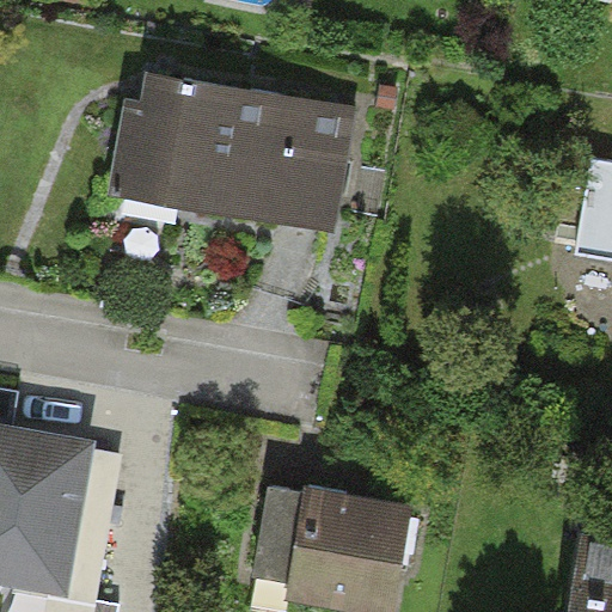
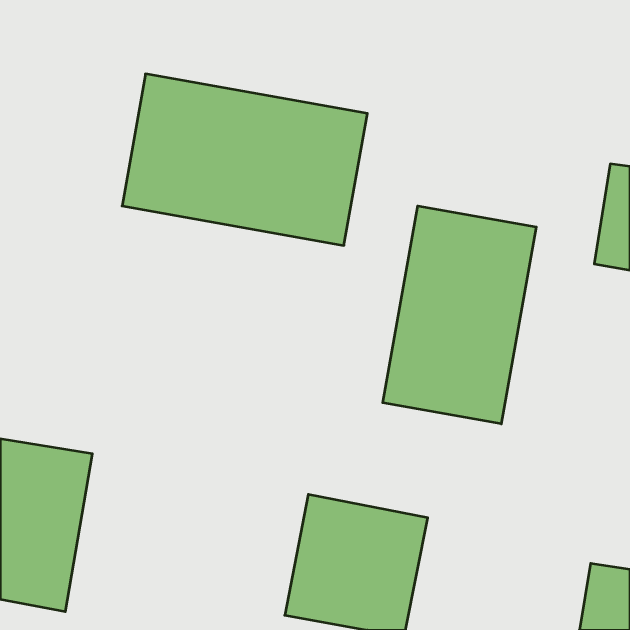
building: none -> [383,206,536,424]

